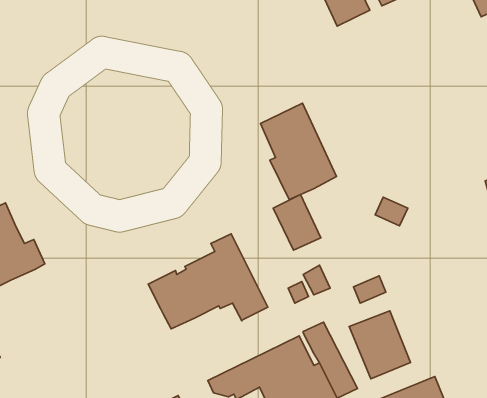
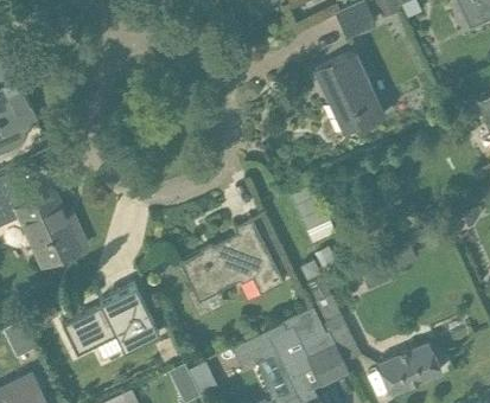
building: [260,103,337,200] -> [317,52,383,136]
building: none -> [61,284,158,356]
building: [349,311,410,379] -> none

